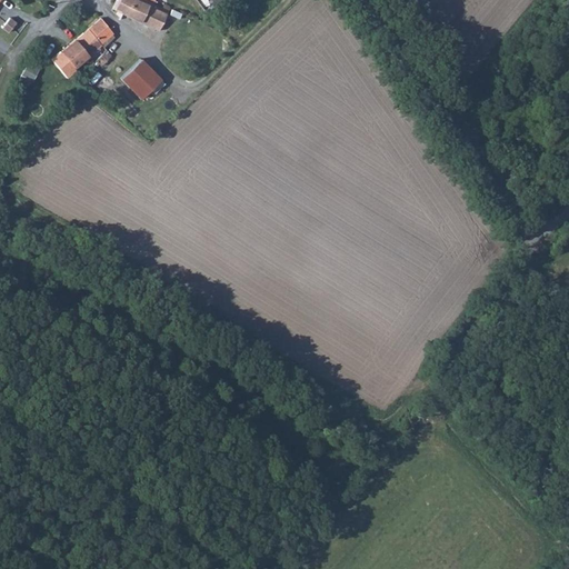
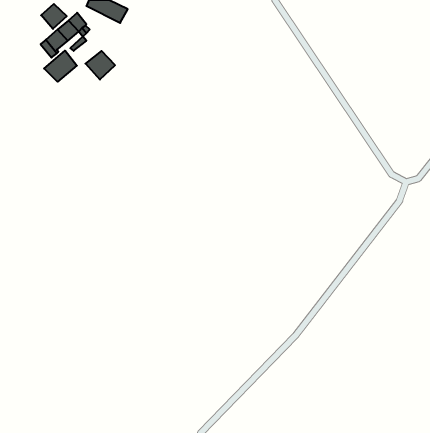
building: none -> [41,4,67,29]
building: none -> [44,51,77,82]

